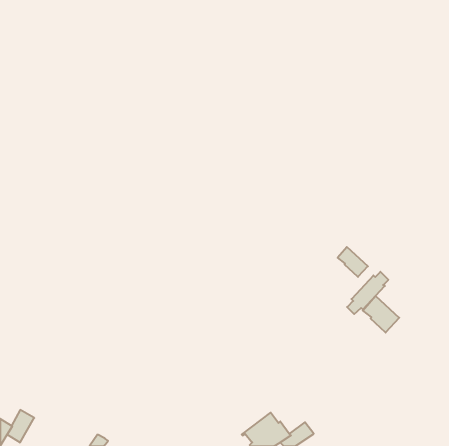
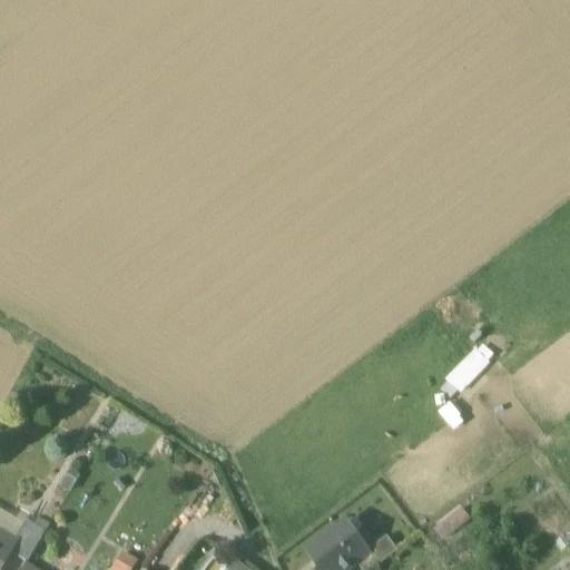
building: [338,247,368,277] -> none
building: [363,296,399,333] -> none

